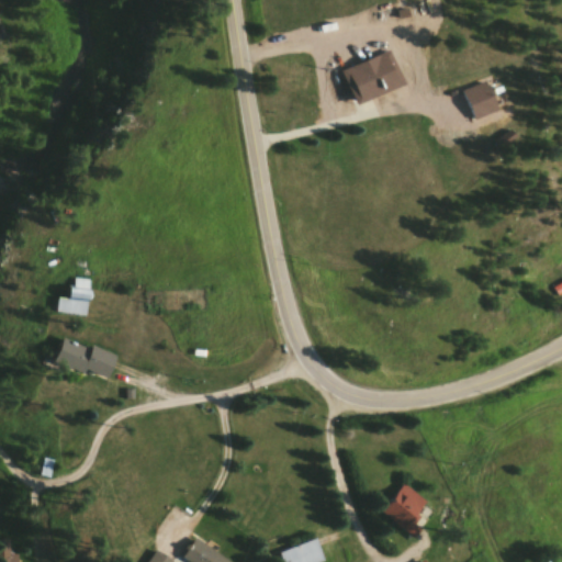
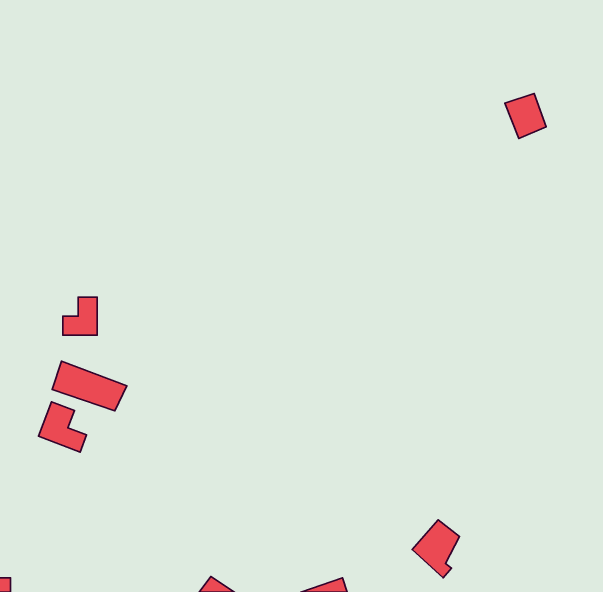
building: [339,53,408,108] -> none
building: none -> [38,402,87,452]

